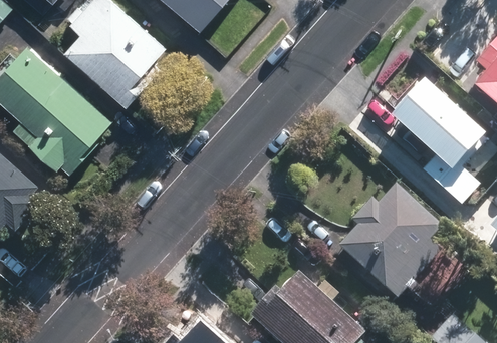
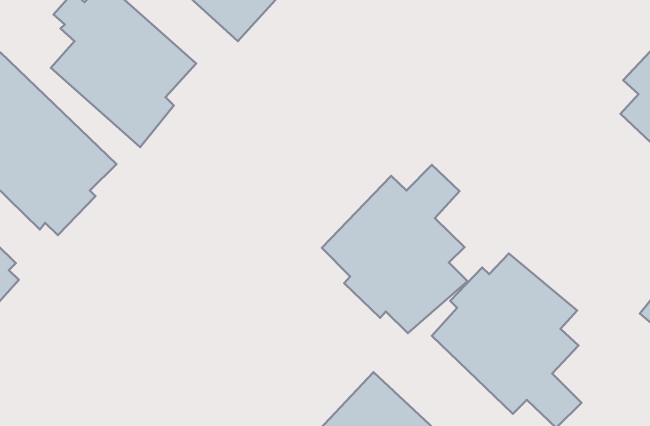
building: [388,79,482,204] -> none
building: none -> [322,165,468,333]

